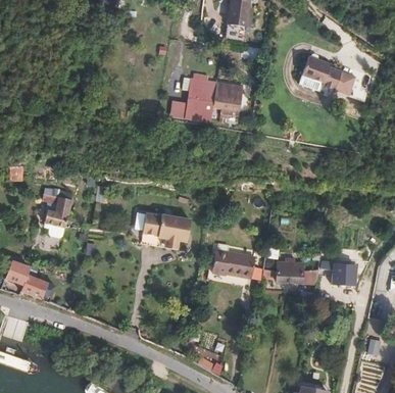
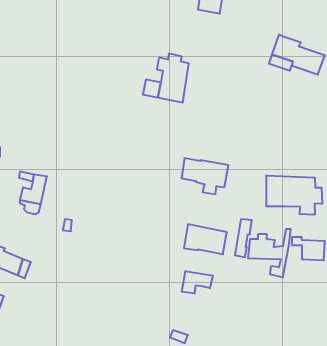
building: [210,83,243,126] -> none
building: none -> [266,175,322,215]
building: [144,212,192,249] -> [181,158,228,194]
building: none -> [182,271,213,294]

